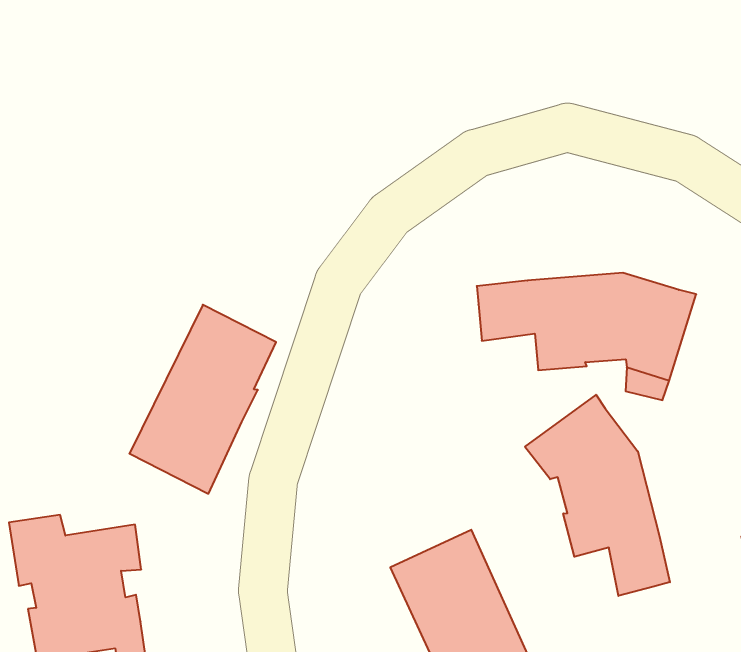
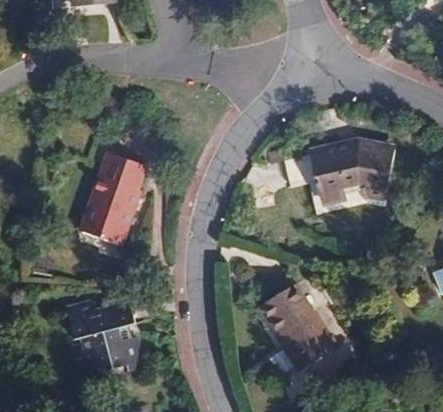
building: [129,305,276,494] -> [80,152,146,246]
building: [525,395,670,596] -> none

